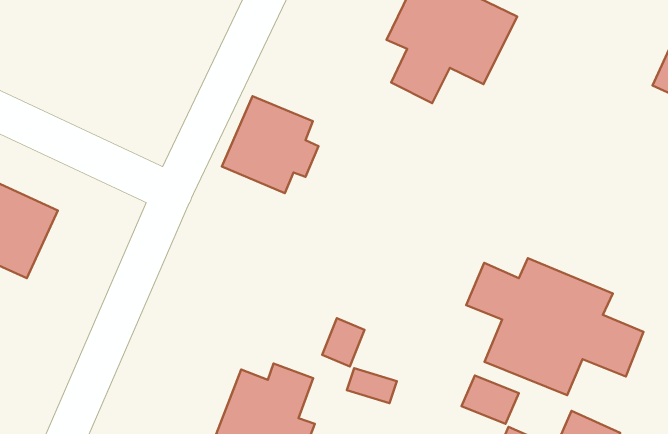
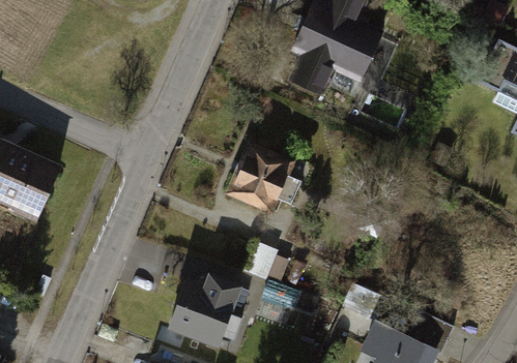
building: [222,96,319,193] -> [228,144,296,212]
building: [466,258,644,395] -> none

